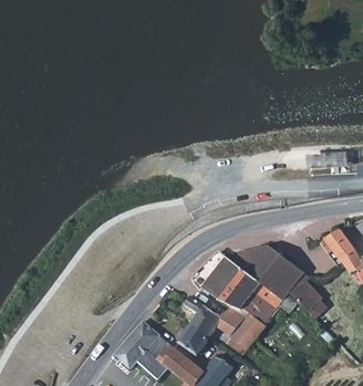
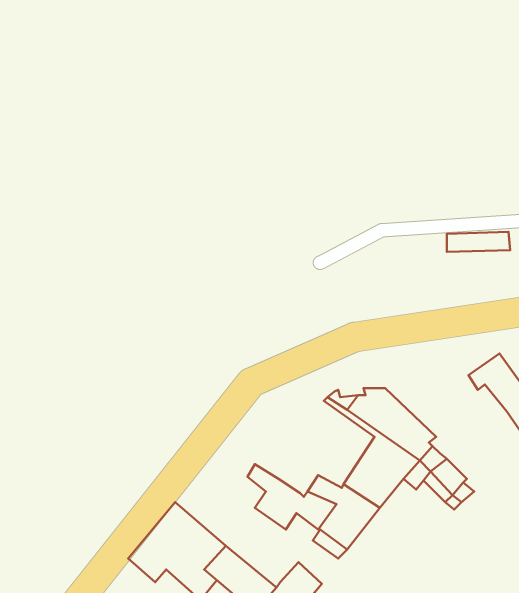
building: [195,253,263,311] -> none
building: [177,323,209,355] -> none

